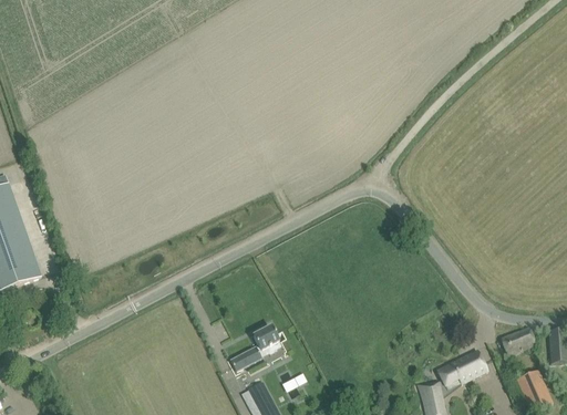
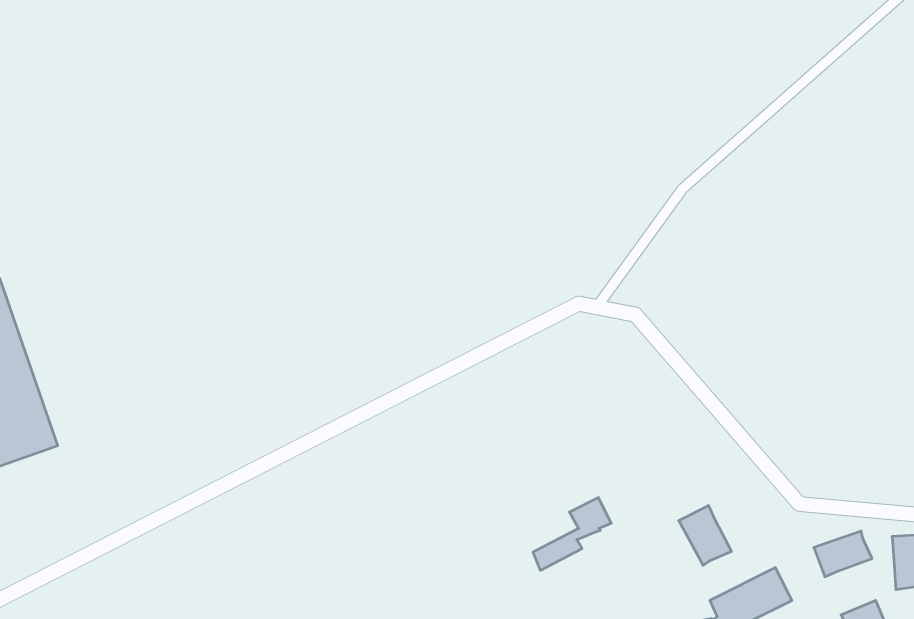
building: none -> [679,505,731,565]
building: [230,325,278,370] -> [533,498,611,570]

